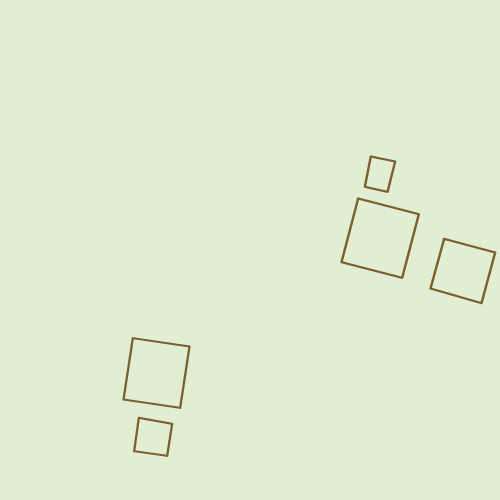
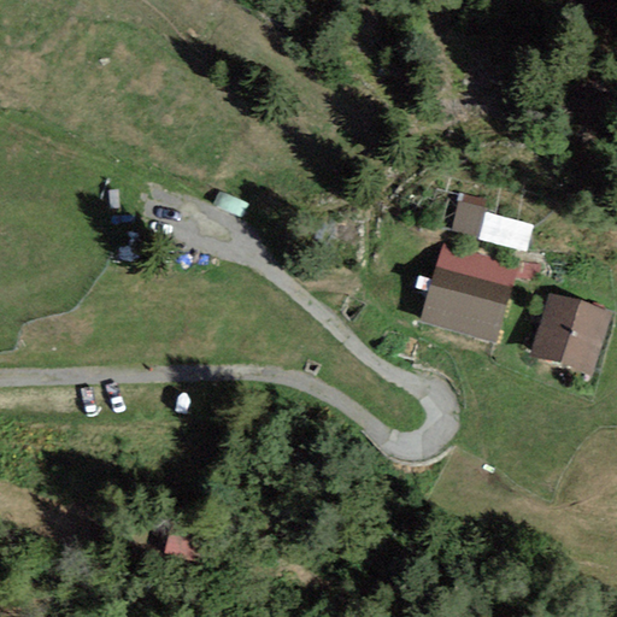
building: none -> [477,212,533,252]
building: [124,338,189,408] -> none

